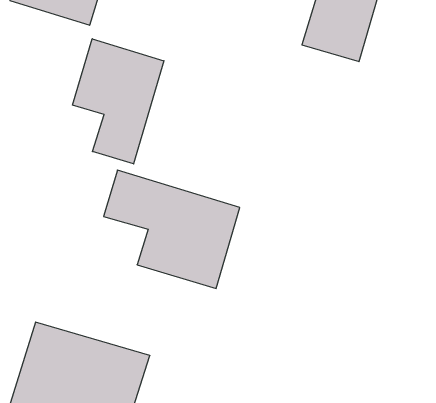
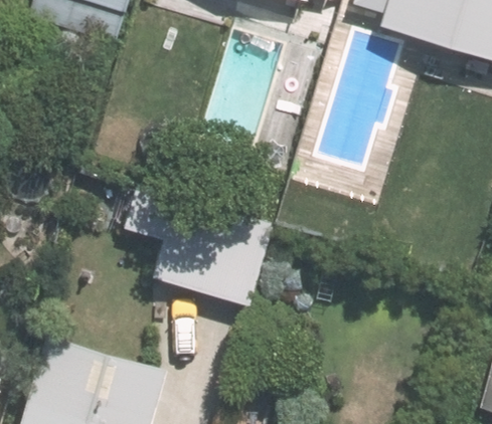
building: [72,39,164,164] -> none

